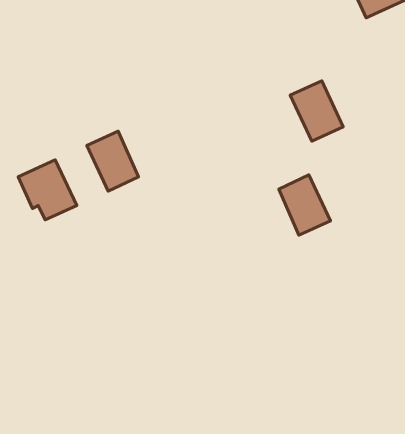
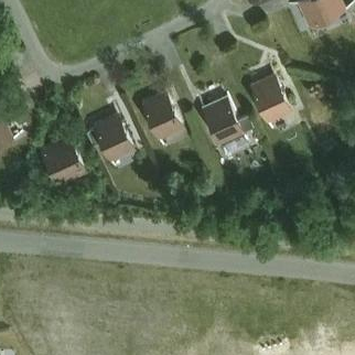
building: none -> [141,96,182,142]
building: [279,175,330,235] -> [203,101,243,148]

